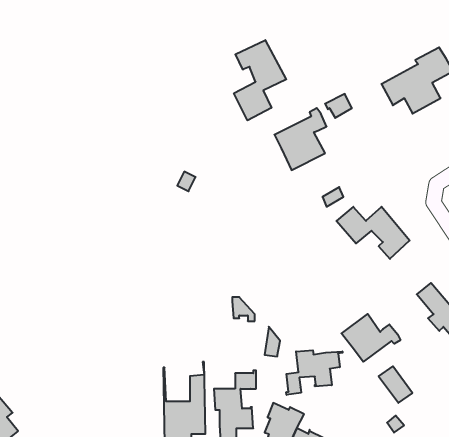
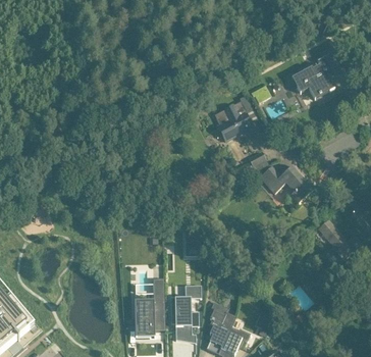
building: [234,40,286,120] -> none
building: [341,314,400,362] -> none
building: [286,350,343,395] -> none

